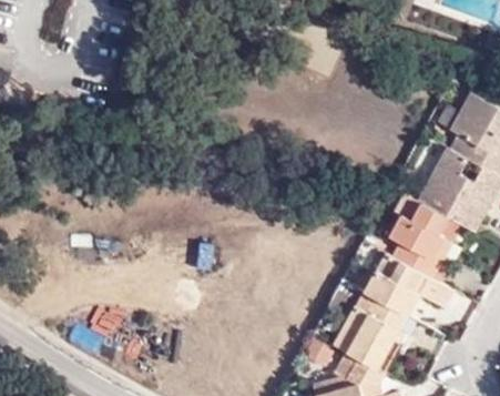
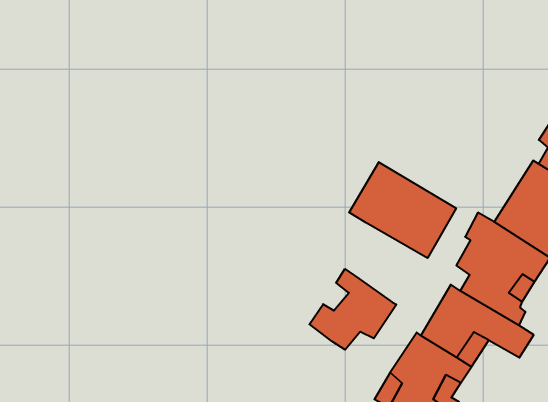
building: none -> [349,162,456,258]
building: none -> [309,269,396,350]

